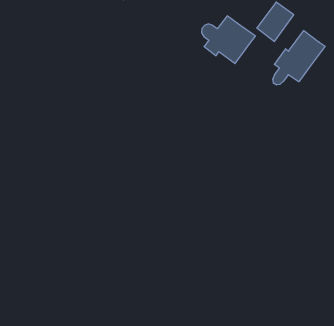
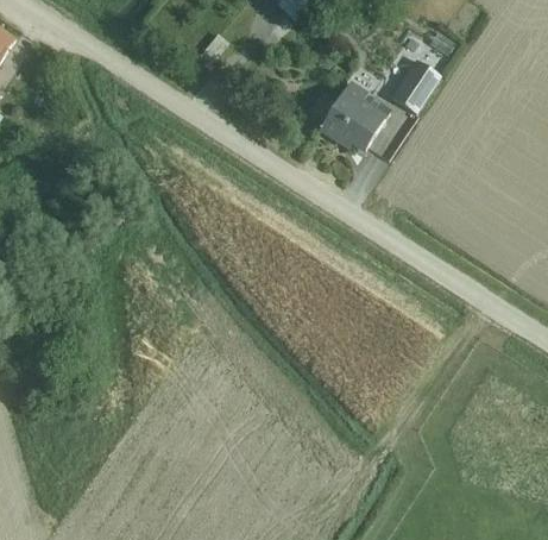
building: [273,31,325,85] -> none

